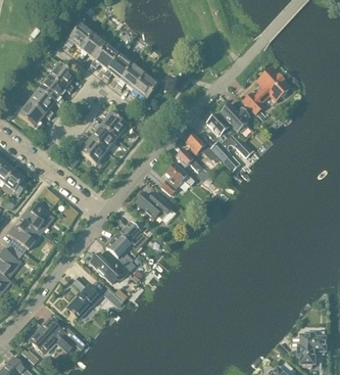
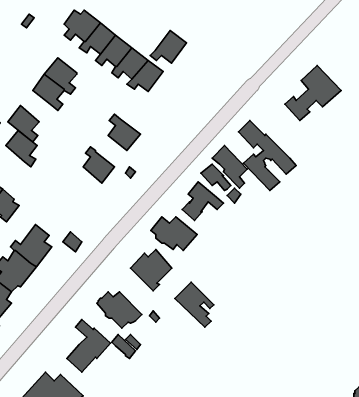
building: [129,73,158,99] -> [150,30,187,63]
building: [29,88,54,118] -> [6,131,37,167]
building: [218,102,249,131] -> none
building: [90,121,115,150] -> none
building: [105,233,137,270] -> [175,282,214,327]

